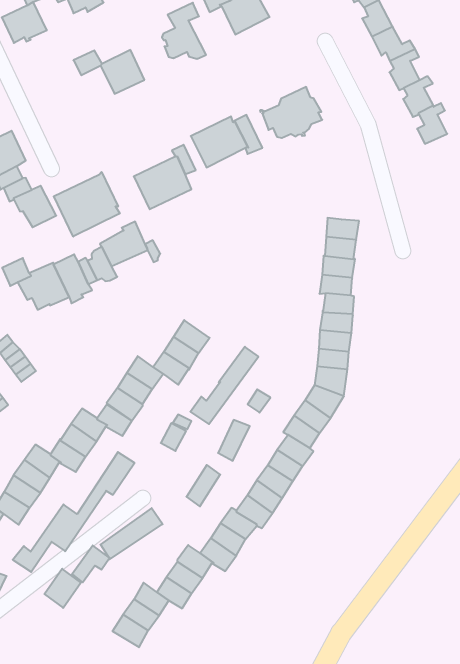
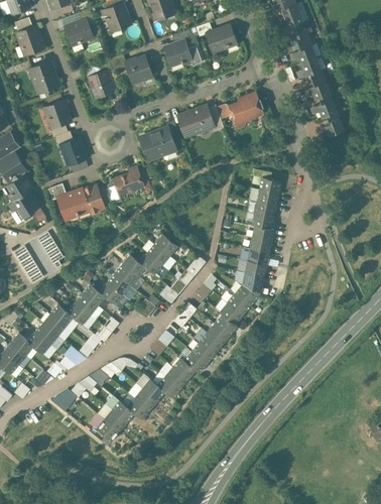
building: none -> [88,71,113,98]
building: [54,172,120,237] -> none

